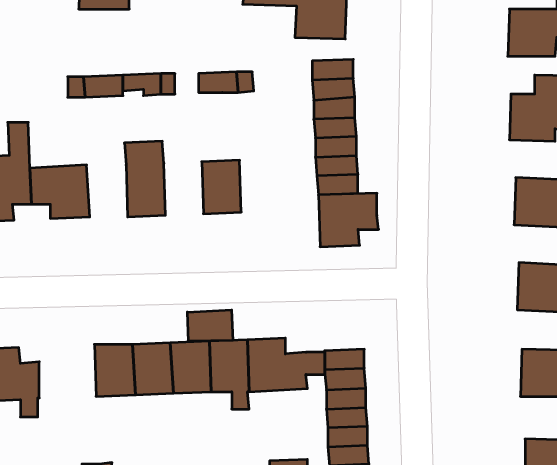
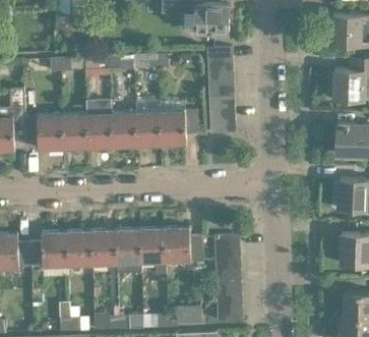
building: none -> [111,113,136,148]
building: none -> [61,115,87,149]
building: [319,193,379,247] -> [160,111,198,146]
building: [187,310,233,341] -> none
building: none -> [30,231,67,275]

